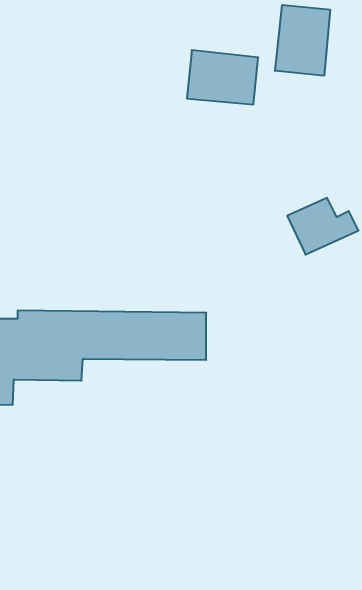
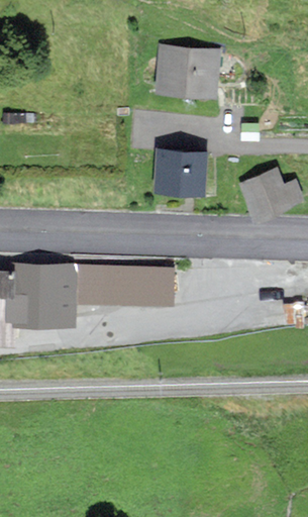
building: [275,5,330,76] -> none
building: none -> [156,151,204,190]

